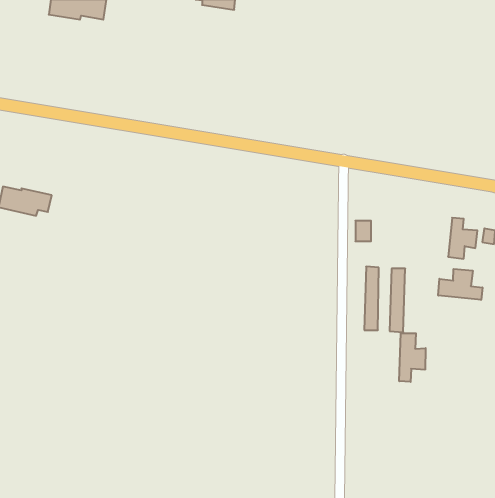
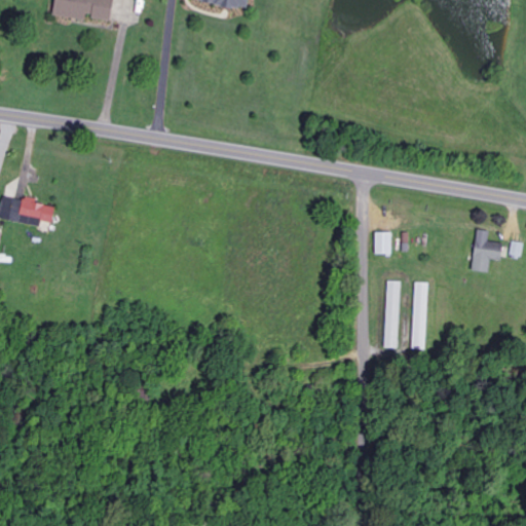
building: [438,269,482,300] -> none
building: [399,333,426,382] -> none

